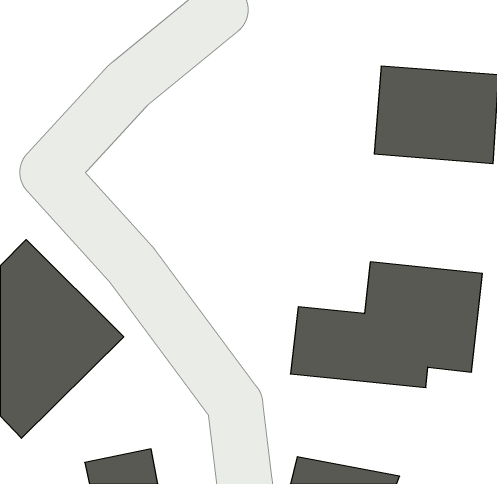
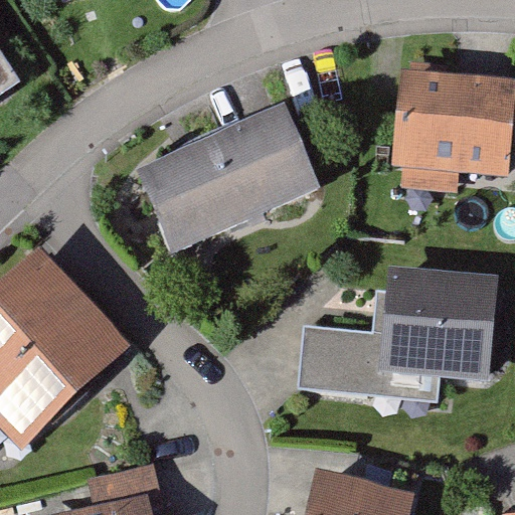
building: none -> [135,111,315,250]

